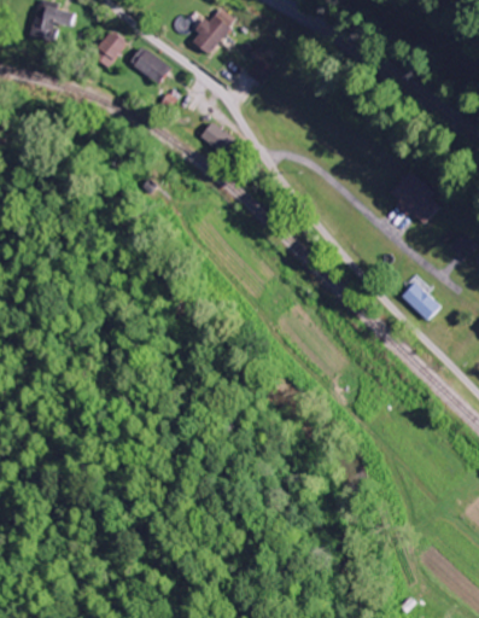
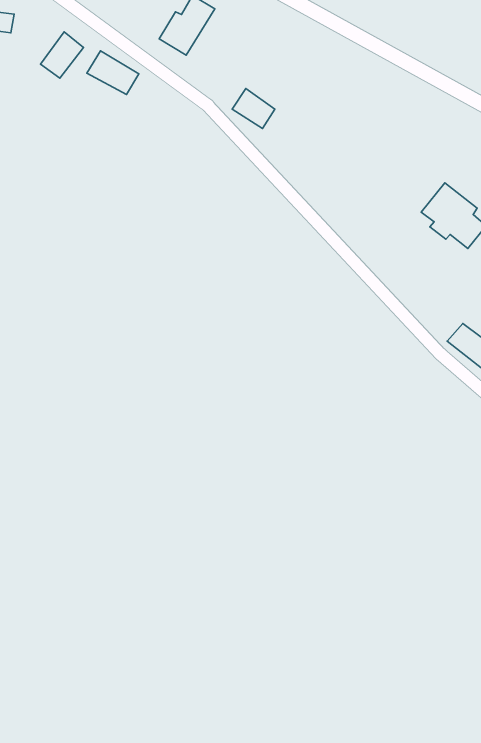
building: [200,121,234,153] -> [232,88,275,128]

